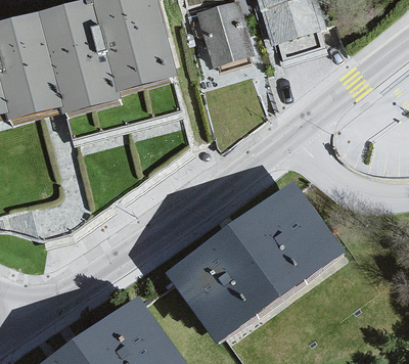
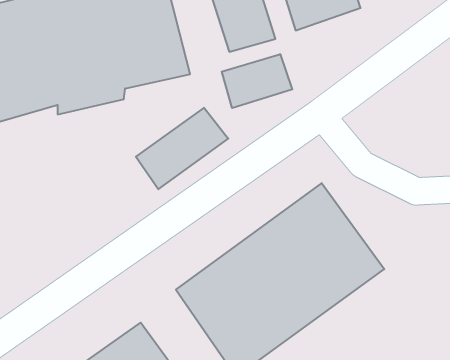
building: none -> [222,54,292,108]
building: none -> [136,108,228,189]

